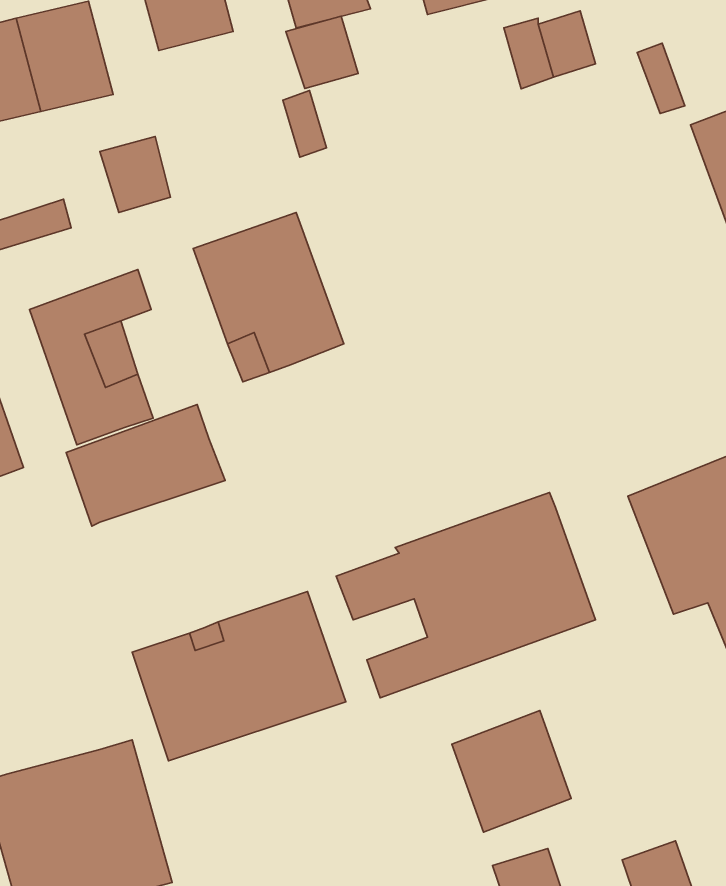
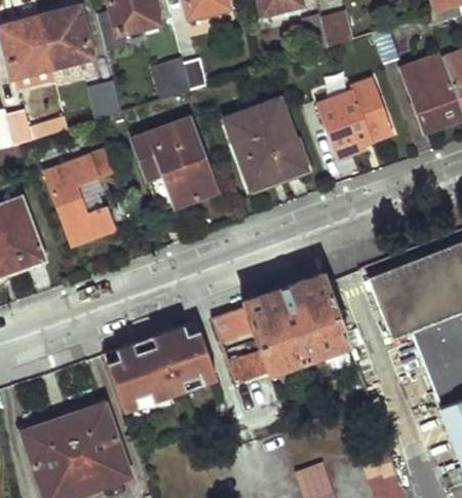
building: [286,16,358,89] -> [153,60,192,99]
building: none -> [316,81,393,161]
building: none -> [226,100,305,180]
building: [66,404,225,526] -> none
building: [452,711,571,832] -> none

